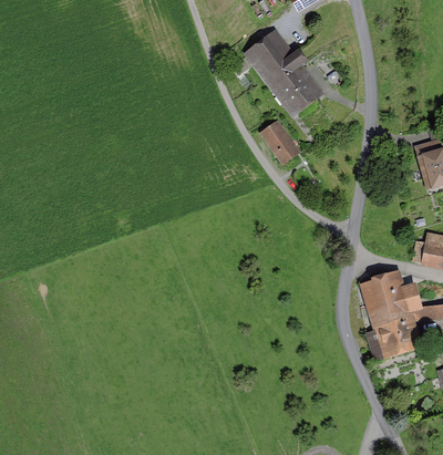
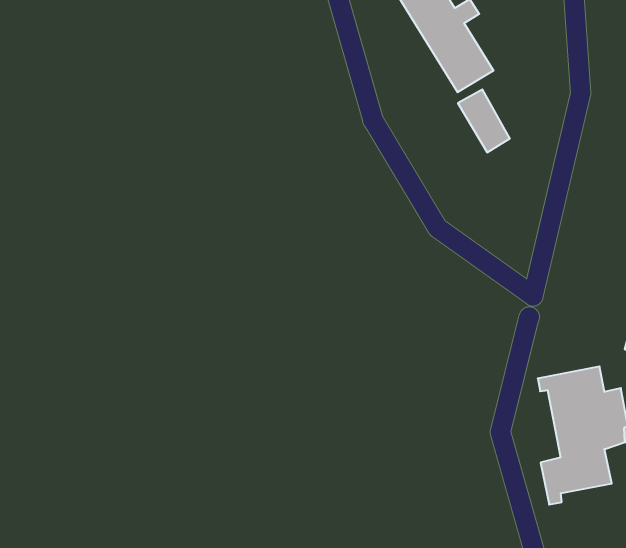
building: [261,123,296,162] -> [458,89,510,152]

